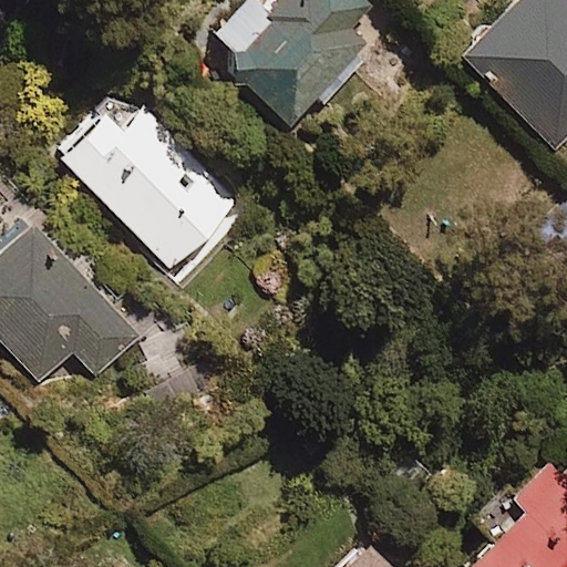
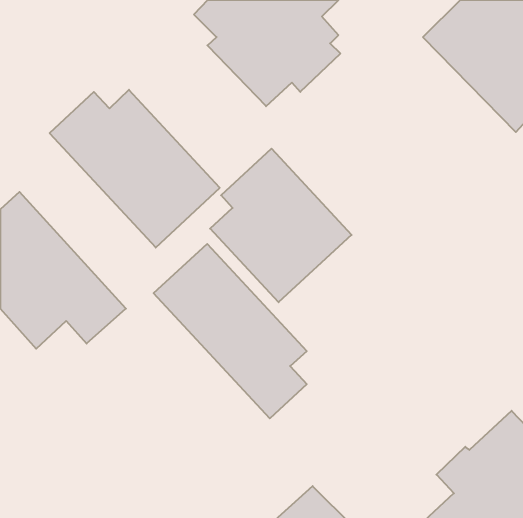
building: none -> [210,149,352,302]
building: none -> [154,244,307,418]

